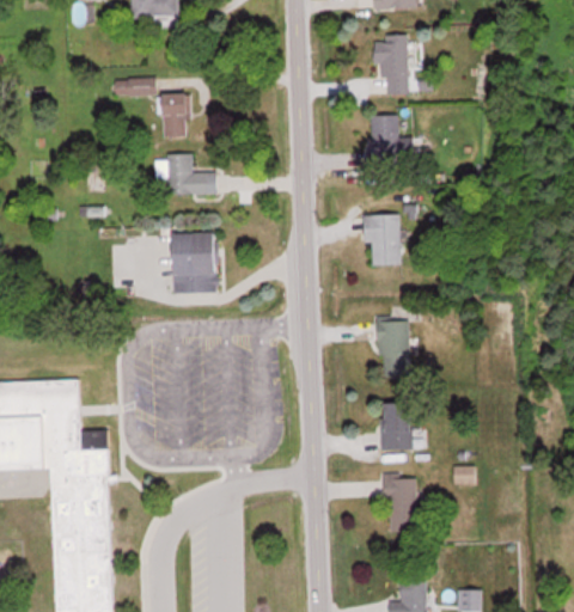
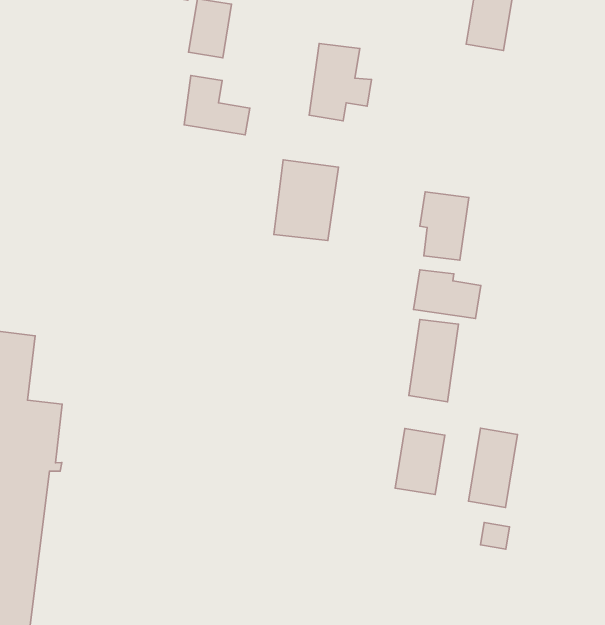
building: [366,115,411,173] -> [309,43,371,121]
building: [172,232,218,293] -> [274,160,338,240]
building: none -> [414,270,481,318]
building: [385,473,415,532] -> [468,428,518,507]

